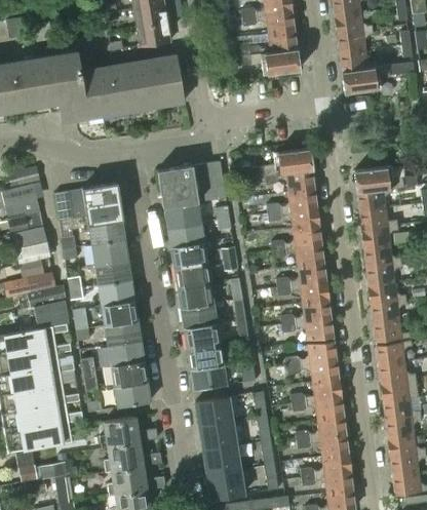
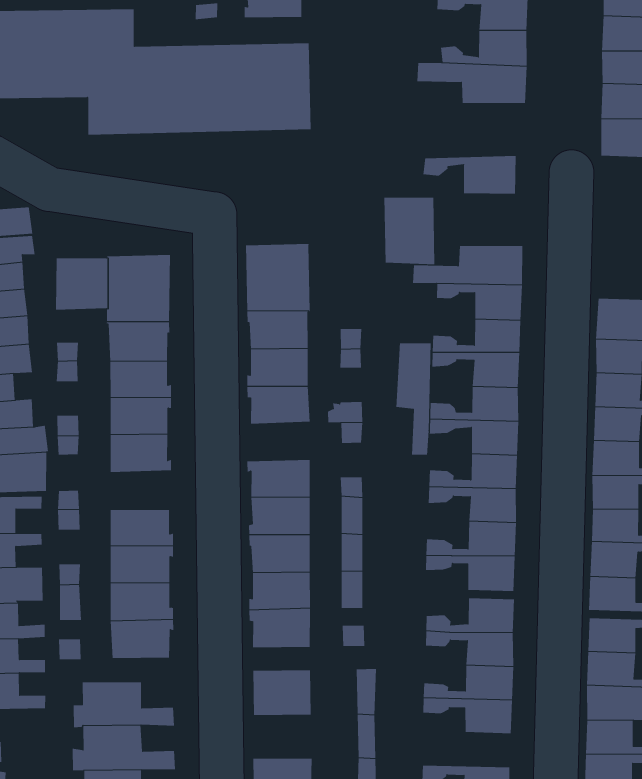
building: none -> [423,155,516,195]
building: [192,161,226,201] -> [384,197,435,265]
building: none -> [396,342,431,455]
building: [174,262,210,288] -> none
building: [102,300,138,326] -> none
building: [296,416,345,440] -> none
building: [200,422,236,450] -> none

